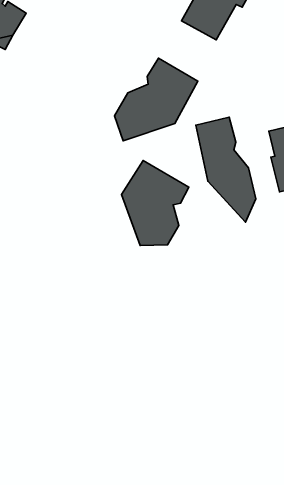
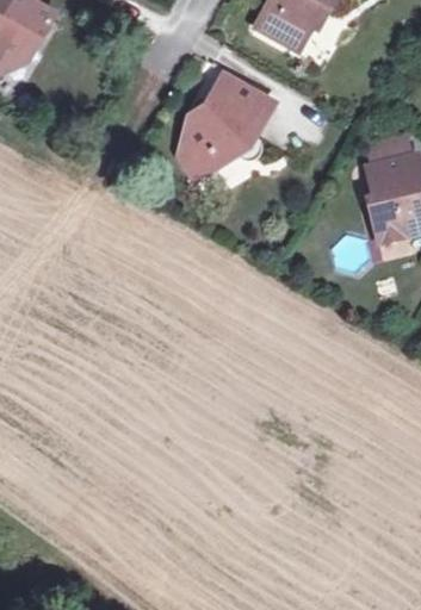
building: [196,117,256,222] -> none
building: [121,160,189,245] -> none

